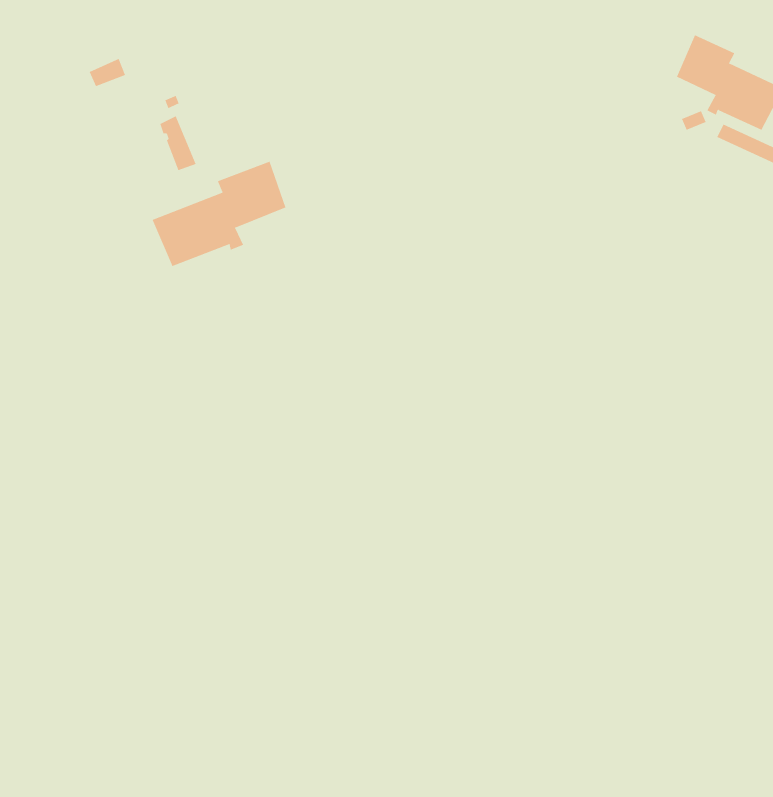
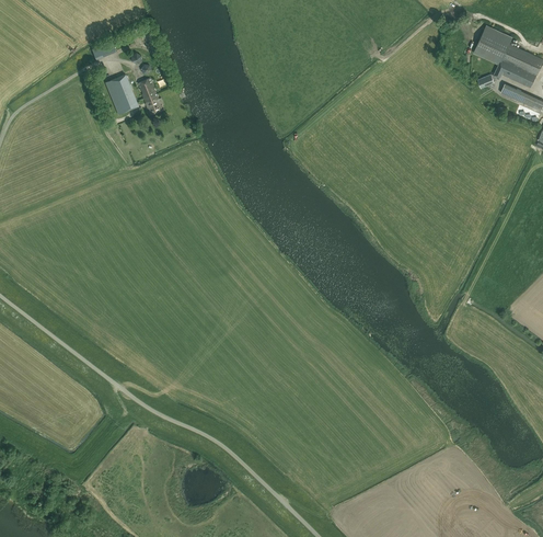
building: none -> [105,76,138,115]
building: [152,161,286,267] -> none

